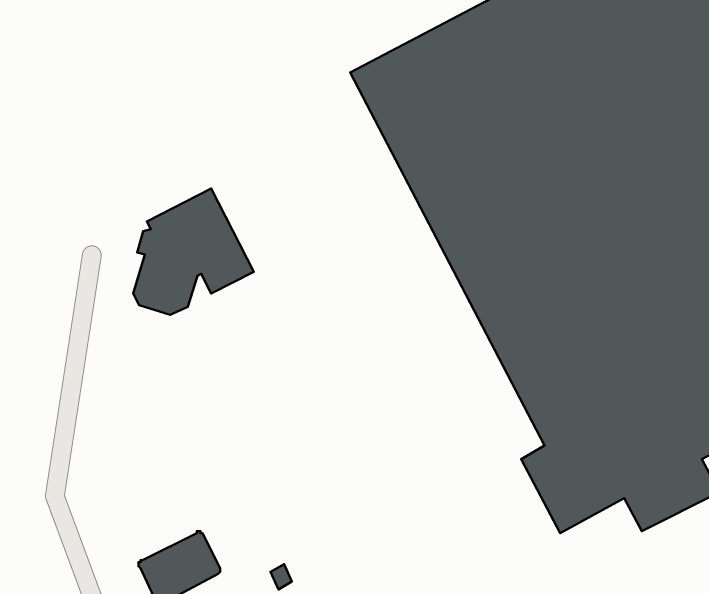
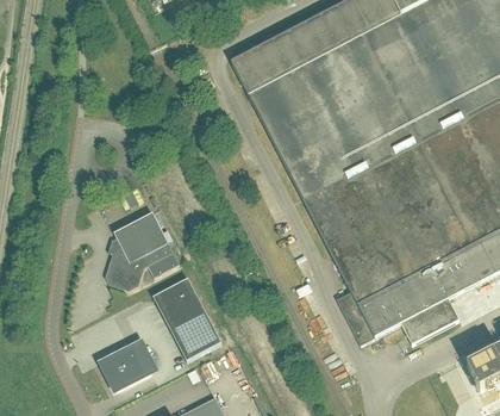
building: [133,188,254,315] -> [104,211,177,288]
building: none -> [151,277,219,359]

